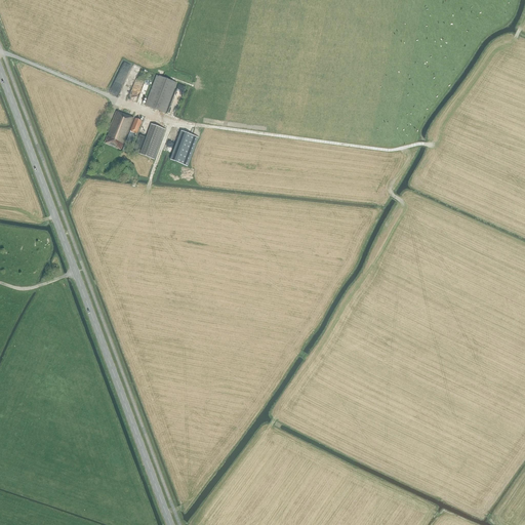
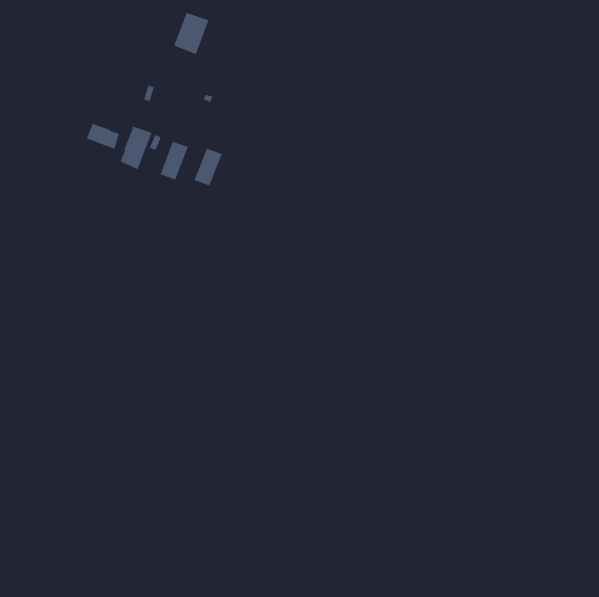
building: [145,74,176,112] -> [173,12,210,55]
building: none -> [86,123,120,150]

